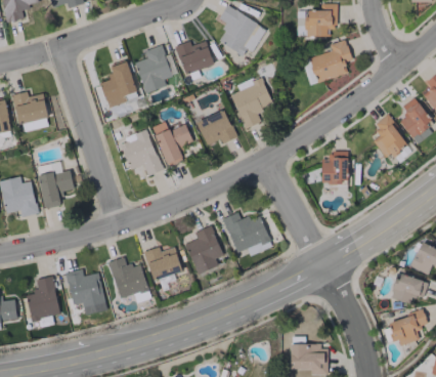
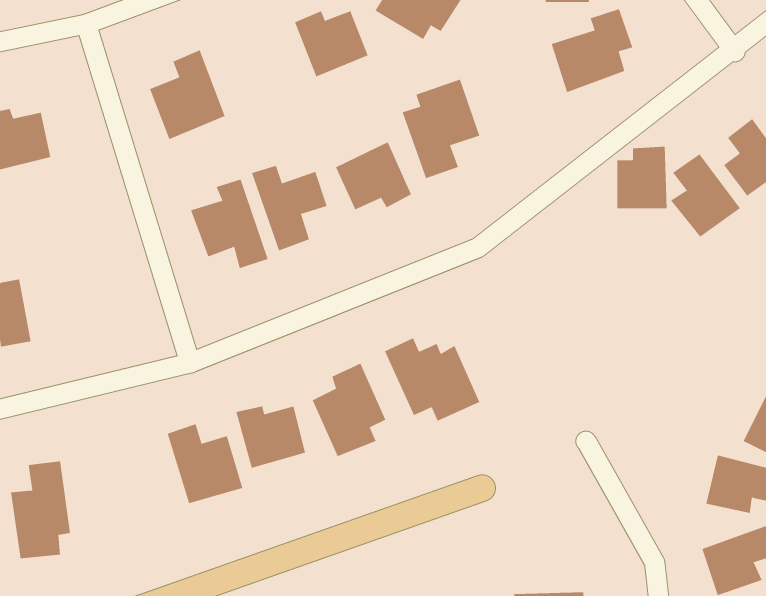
building: [134,45,177,94] -> none
building: [321,152,348,184] -> [617,146,667,209]
building: [37,169,75,210] -> none
building: [67,269,104,309] -> none

